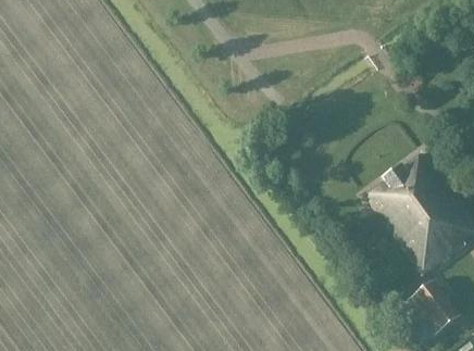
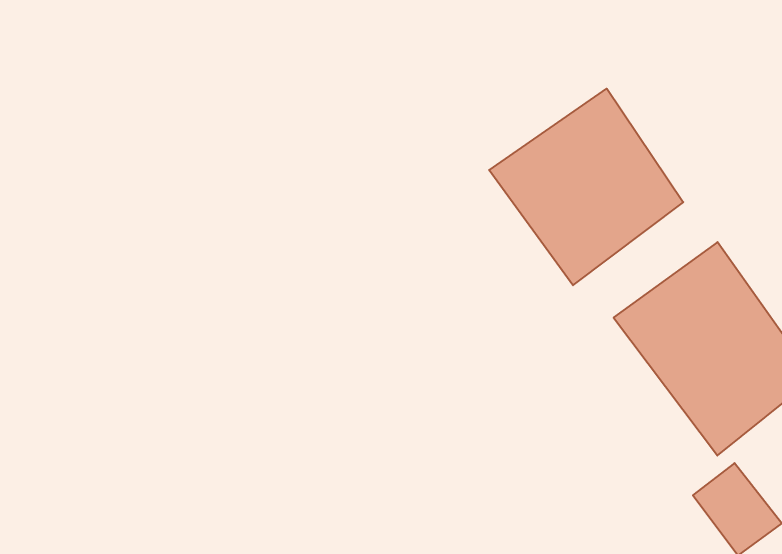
building: none -> [489,89,683,285]

